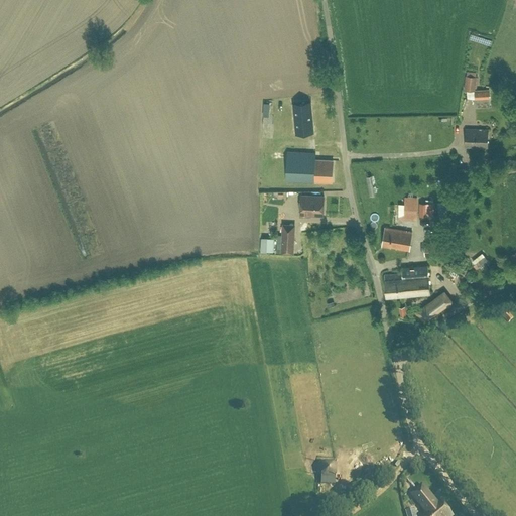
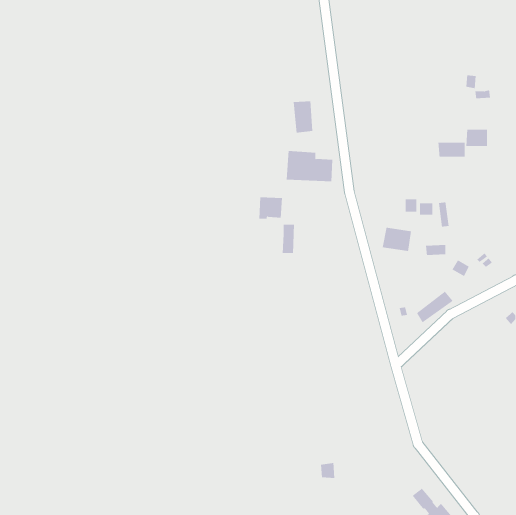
building: none -> [438,142,465,158]
building: [299,195,324,217] -> [258,197,283,219]
building: [384,265,430,297] -> none

